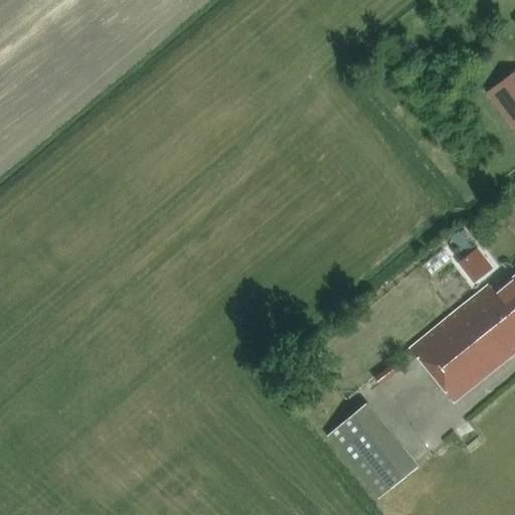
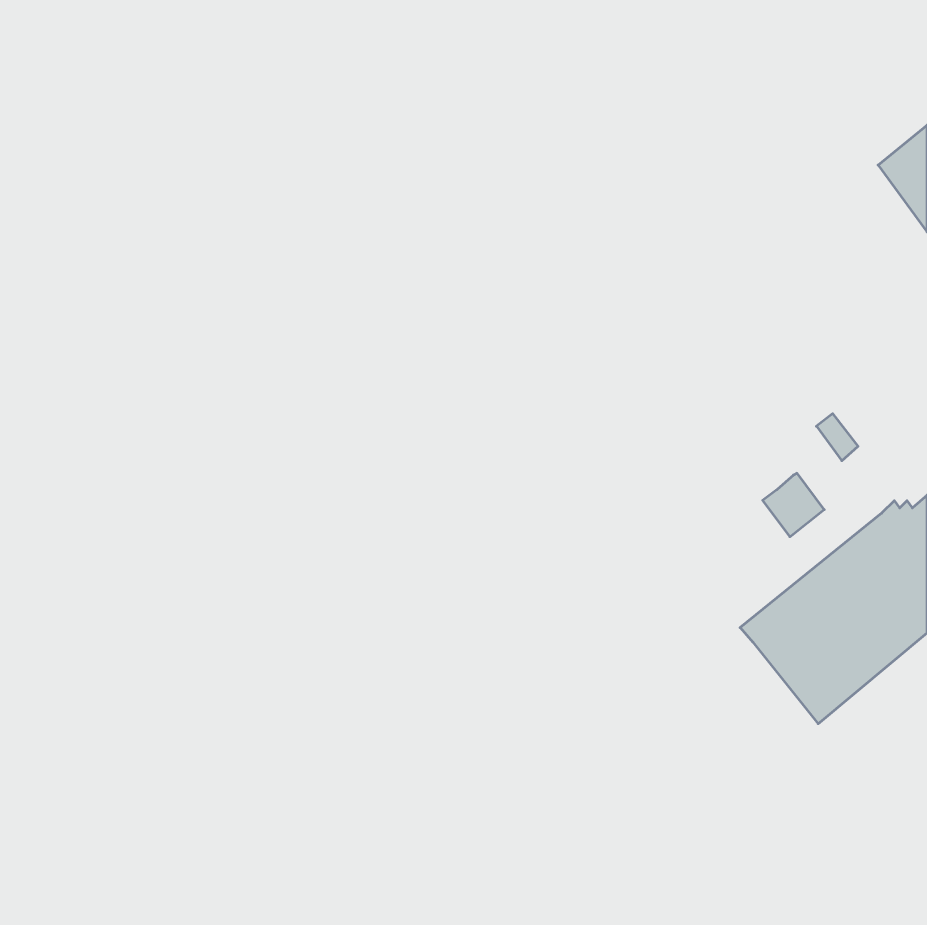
building: [459,246,493,282] -> [763,473,824,537]
building: [327,402,419,499] -> none

